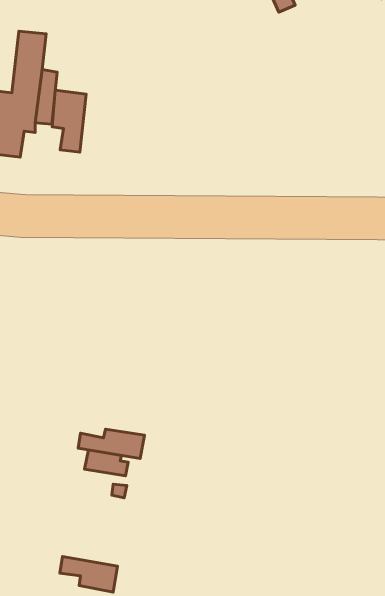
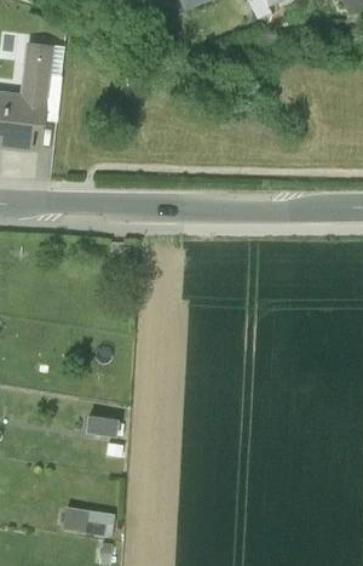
building: [52,90,86,152] -> none
building: [78,429,145,458] -> none

